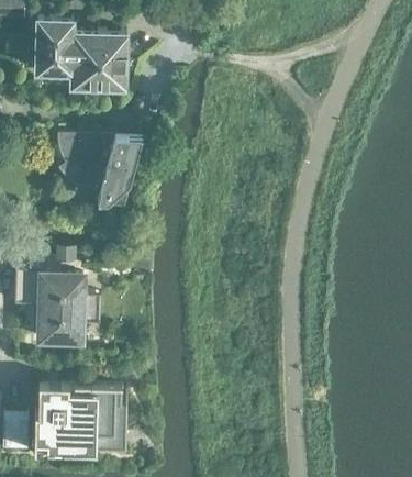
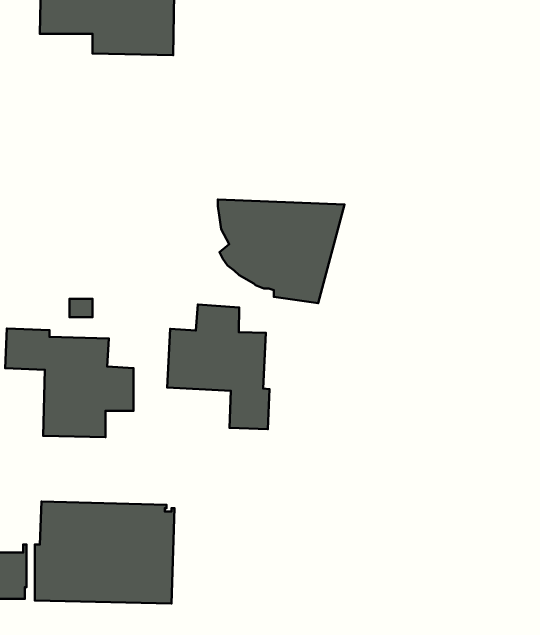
building: [57,134,142,203] -> [218,200,344,303]
building: none -> [167,304,269,429]

